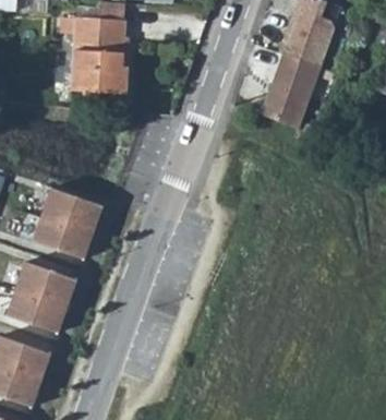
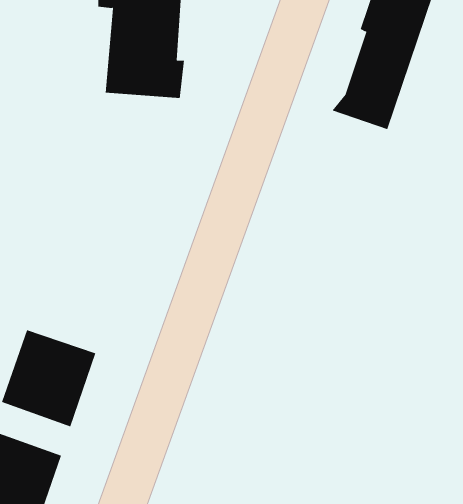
building: [33,191,102,262] -> none

